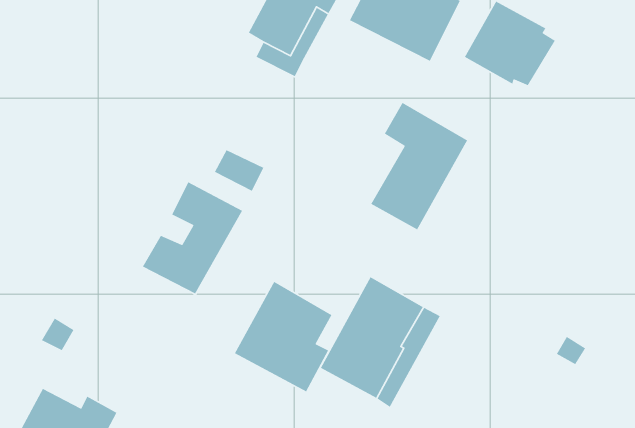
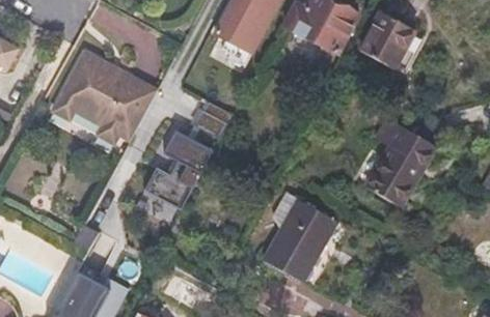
building: none -> [52,54,155,145]
building: [370,102,468,230] -> [369,118,435,205]
building: [234,281,332,392] -> none

